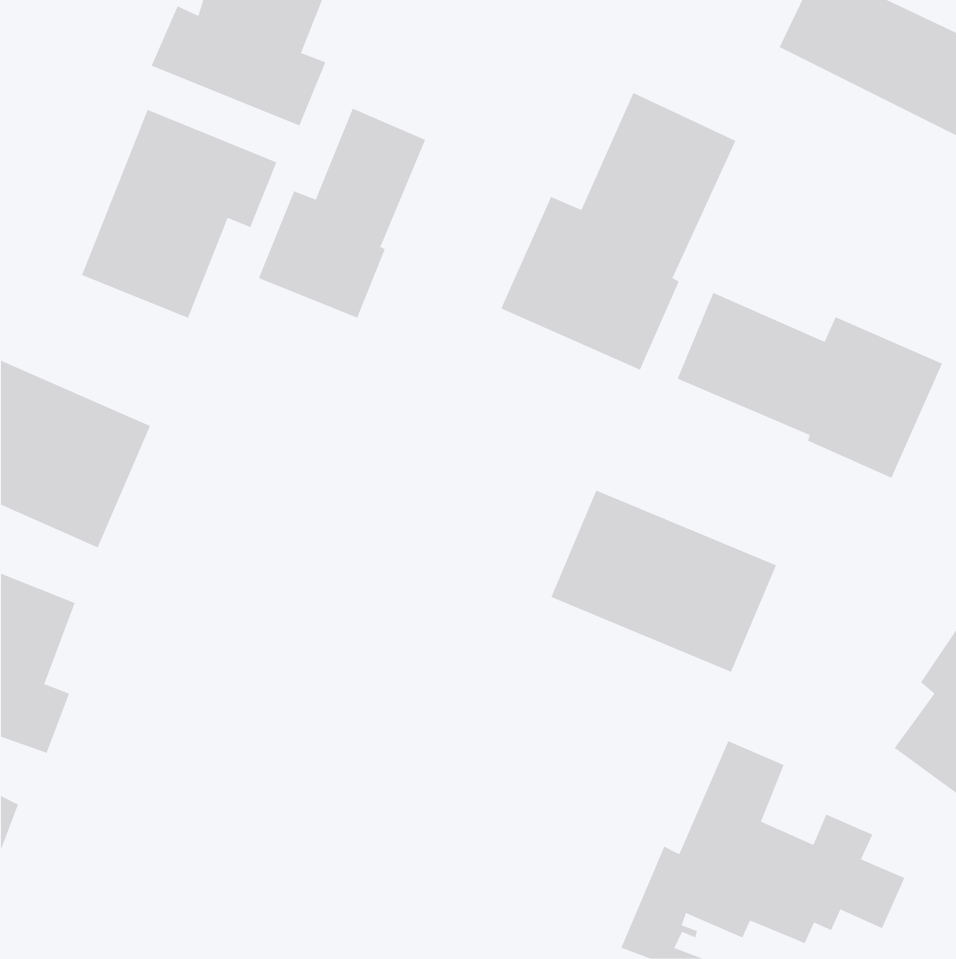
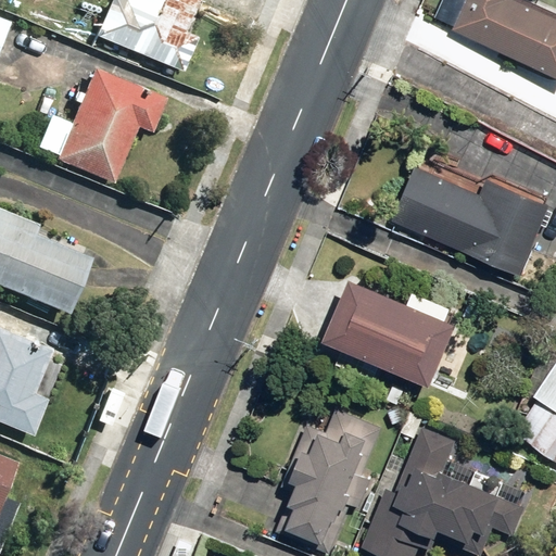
building: [501,92,736,370] -> none
building: [258,108,426,319] -> none
building: none -> [279,412,382,546]

